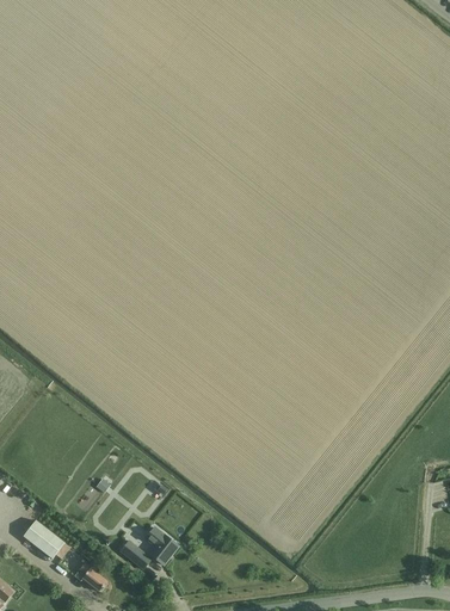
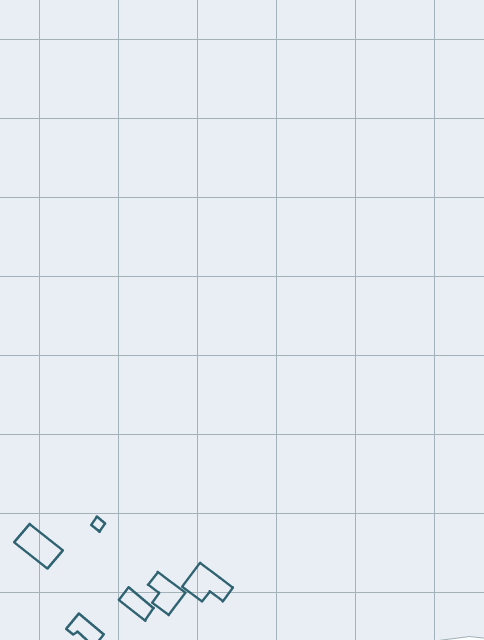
building: none -> [182,563,233,601]
building: [24,521,66,560] -> [14,524,63,568]

